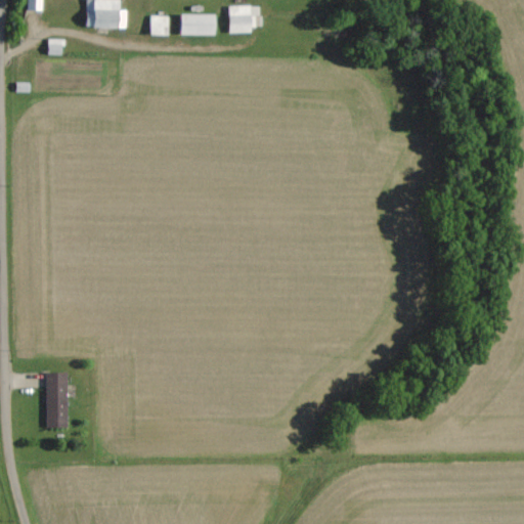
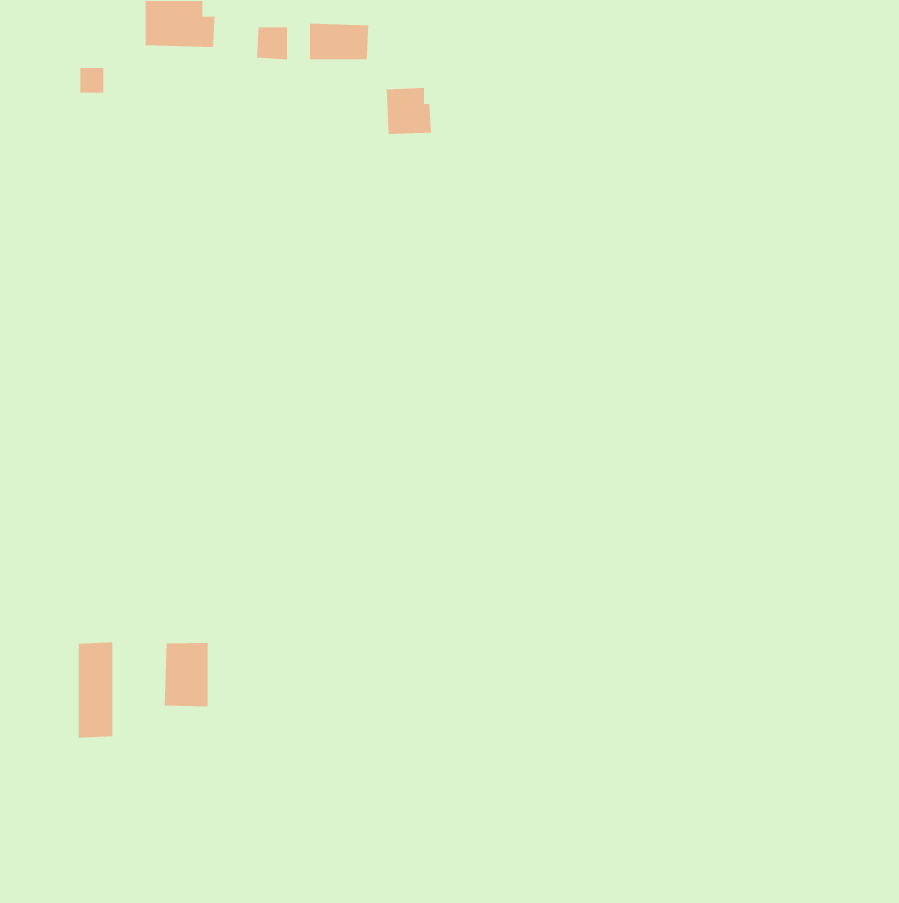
building: [228,5,255,33] -> [386,87,432,135]
building: none -> [164,642,209,707]

